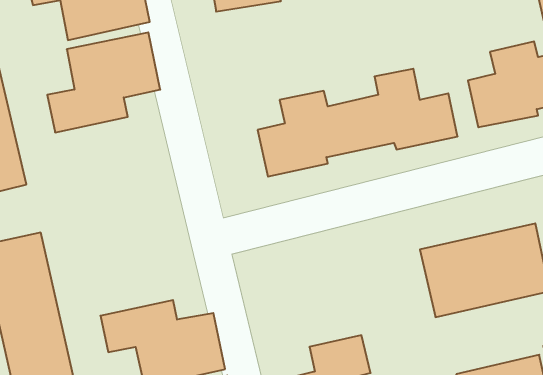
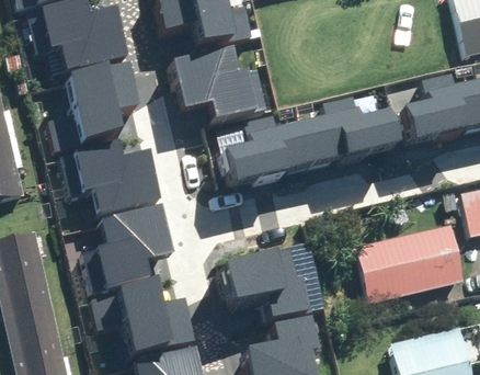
building: none -> [165,46,253,122]
building: none -> [56,141,162,215]
building: none -> [78,206,173,291]
building: none -> [219,250,309,317]

